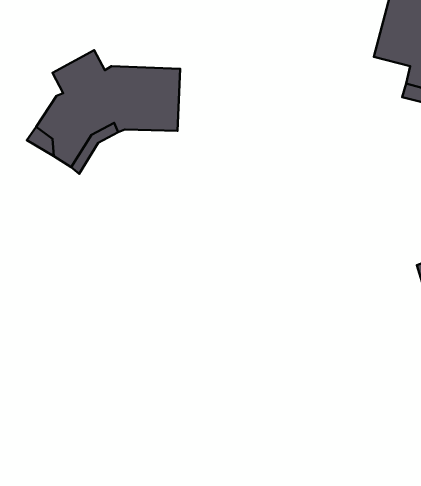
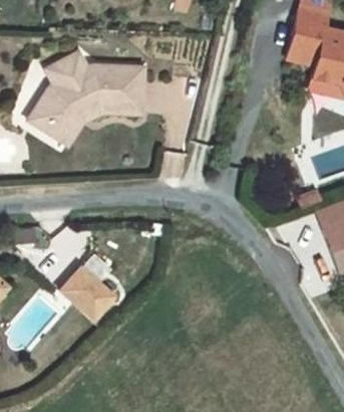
building: none -> [60,267,112,319]

